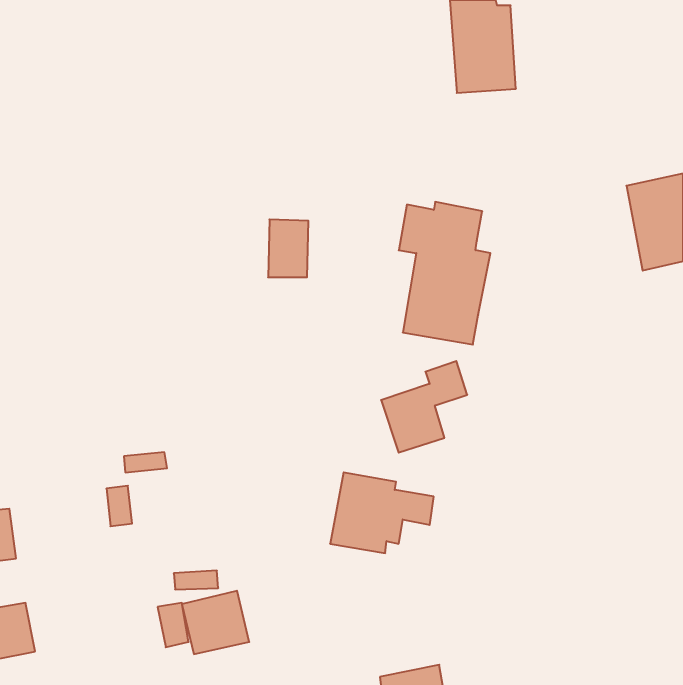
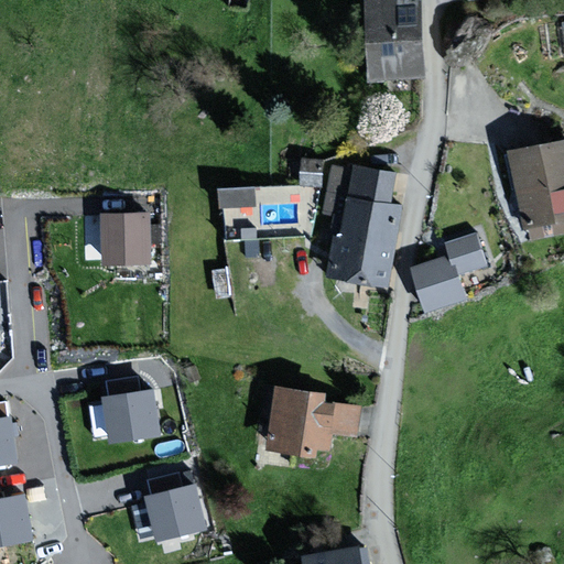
building: none -> [105,215,144,261]
building: [381,361,467,453] -> [411,237,481,312]
building: none -> [107,391,158,440]

